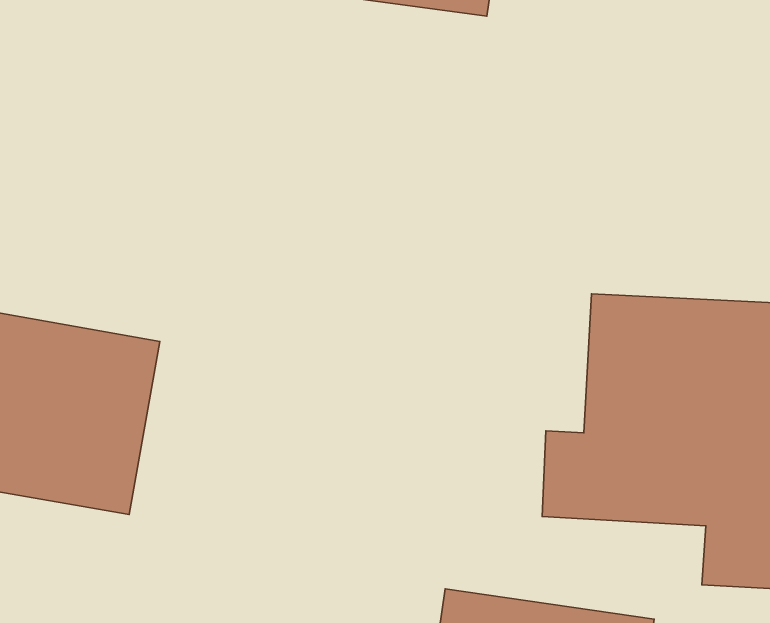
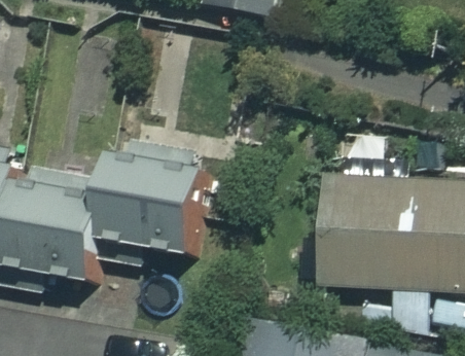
building: none -> [105,139,211,257]

